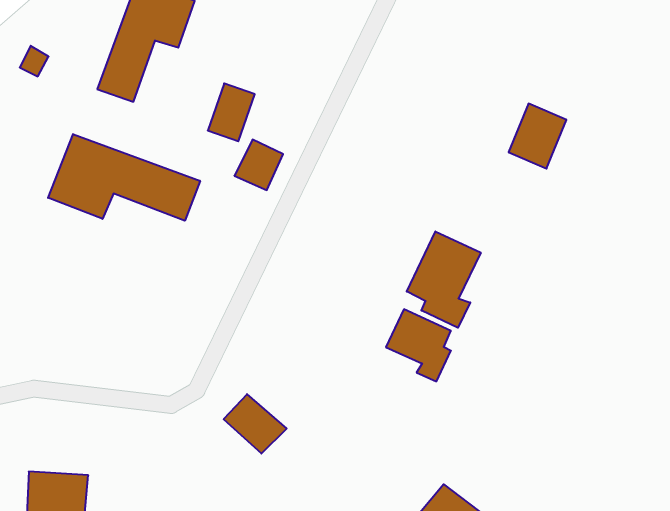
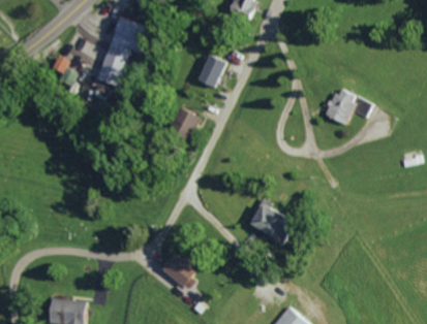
building: [208,83,255,141] -> [197,55,224,88]
building: [48,134,200,221] -> none
building: [407,231,481,328] -> none

